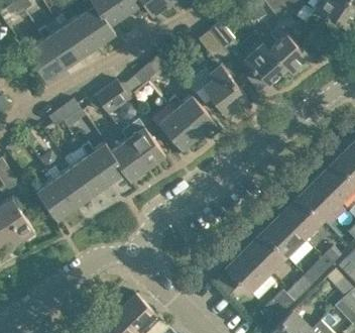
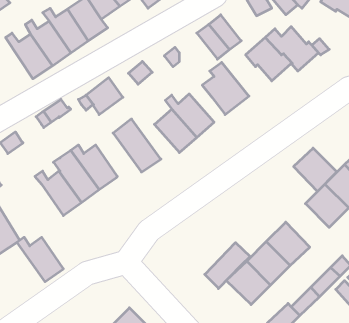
building: [105,132,147,182] -> none
building: [31,180,75,221] -> [17,237,63,282]
building: [281,198,322,238] -> [294,148,337,192]
building: none -> [205,243,250,289]

